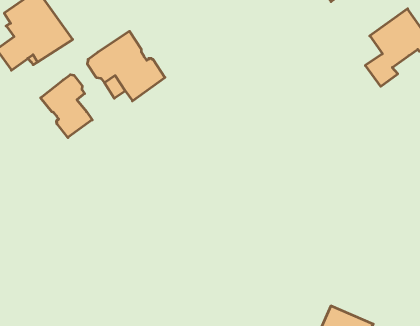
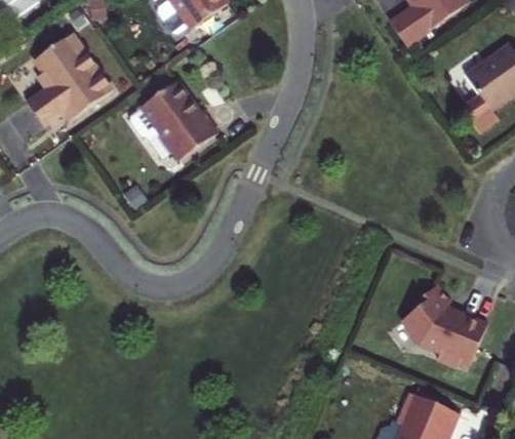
building: [41,75,92,138] -> none
building: none -> [402,284,488,367]

